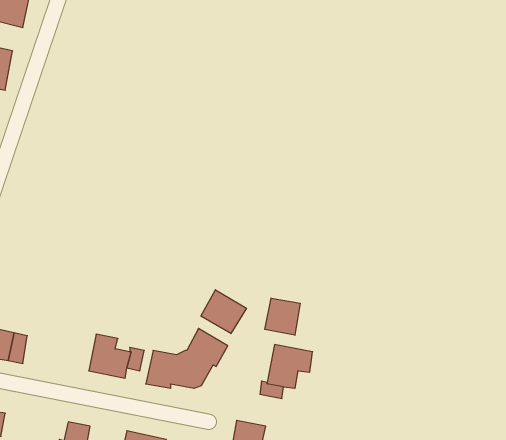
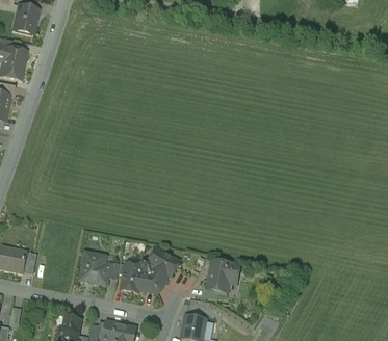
building: [201,290,246,334] -> none
building: [265,298,300,335] -> none

